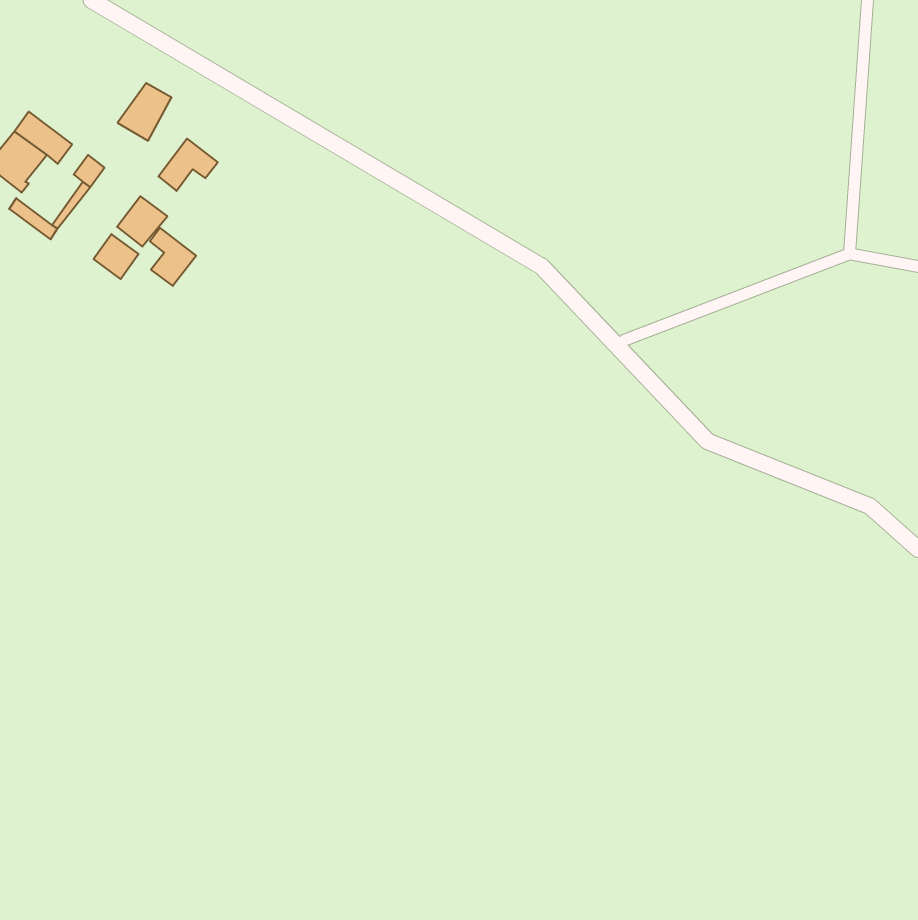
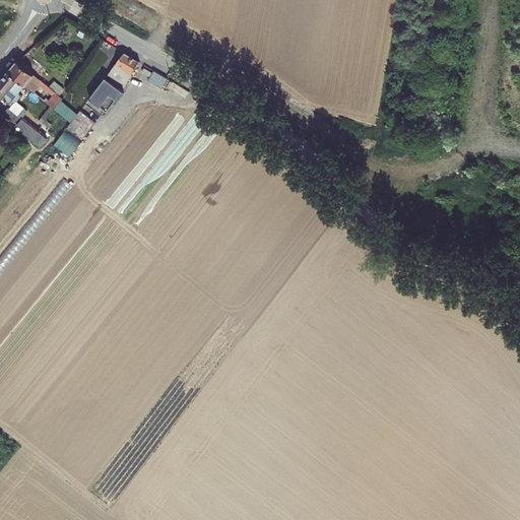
building: [118,83,172,141] -> [108,54,138,86]
building: [150,228,196,286] -> none

